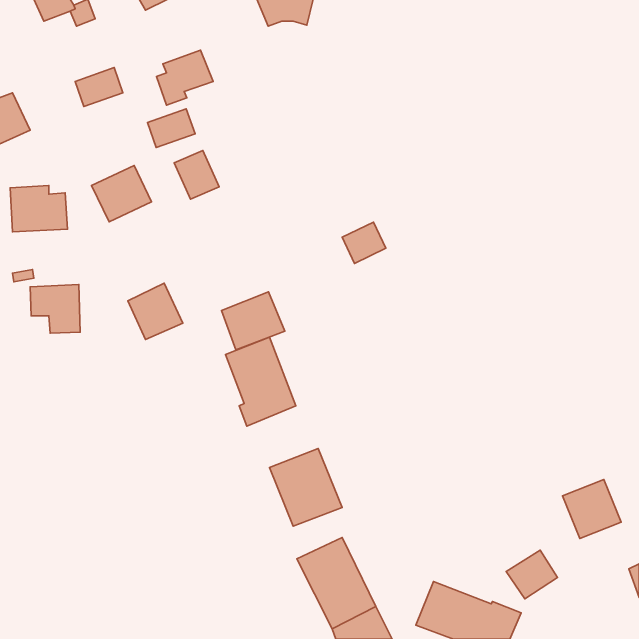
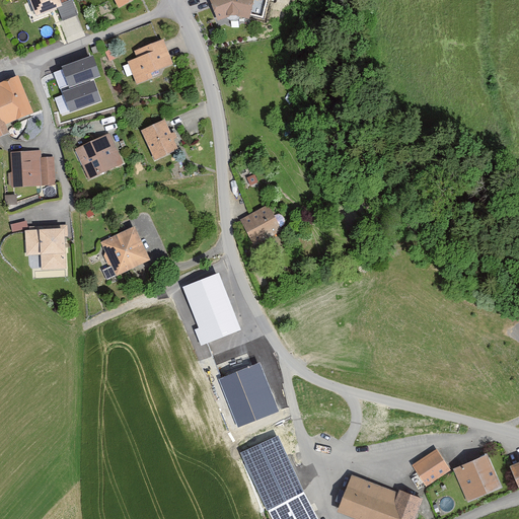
building: [147,109,195,148] -> [62,80,100,112]
building: [342,222,386,263] -> [242,209,278,242]
building: [221,292,285,350] -> none
building: [562,480,621,539] -> [452,451,500,499]

